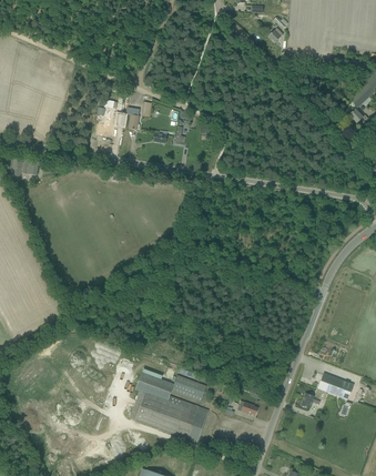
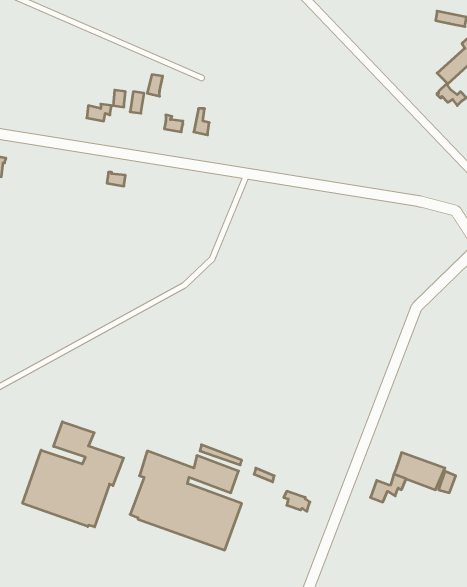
building: none -> [23,422,124,527]

